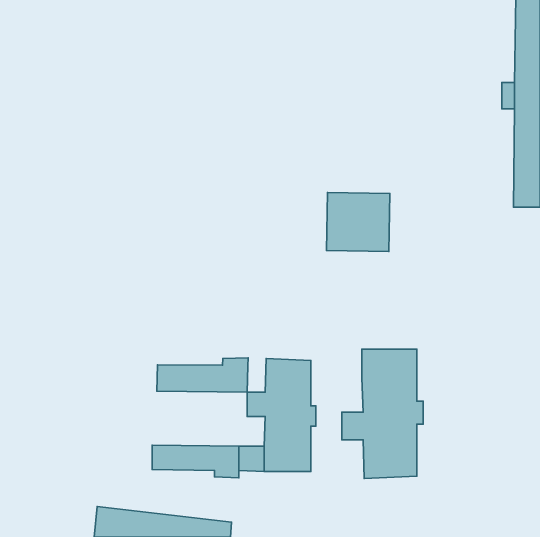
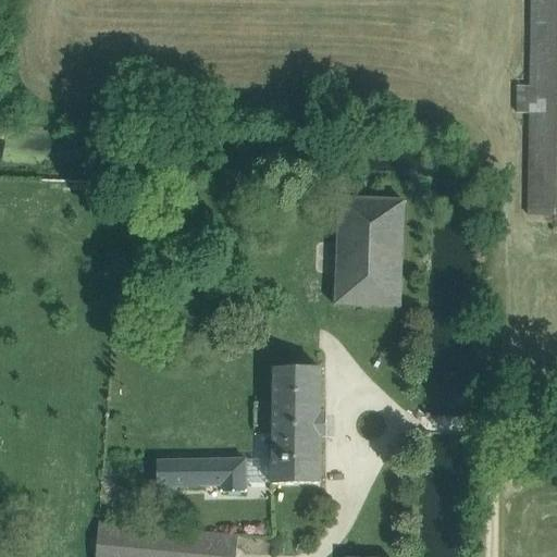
building: none -> [336,258,400,305]
building: [342,349,423,479] -> none
building: [157,358,248,392] -> none

